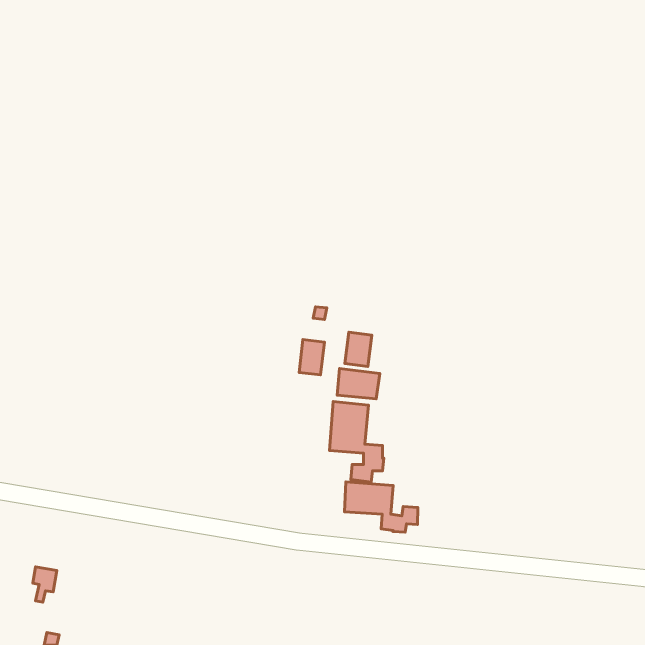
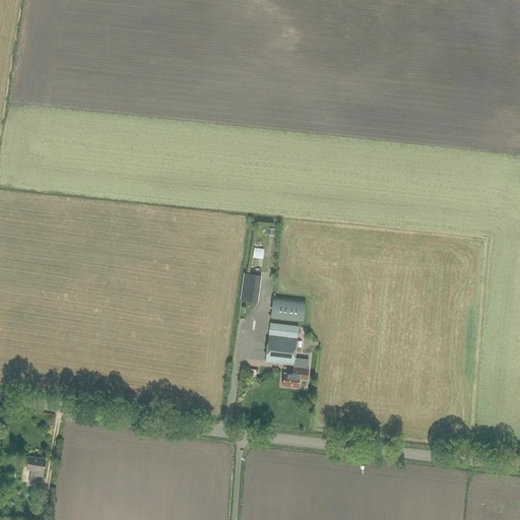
building: [345,332,372,366] -> none
building: [344,482,418,532] -> none

